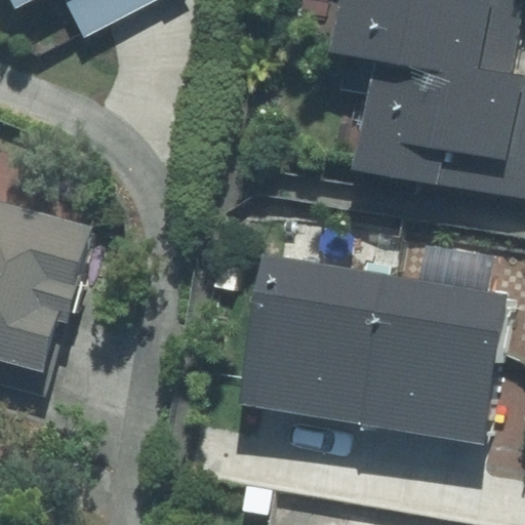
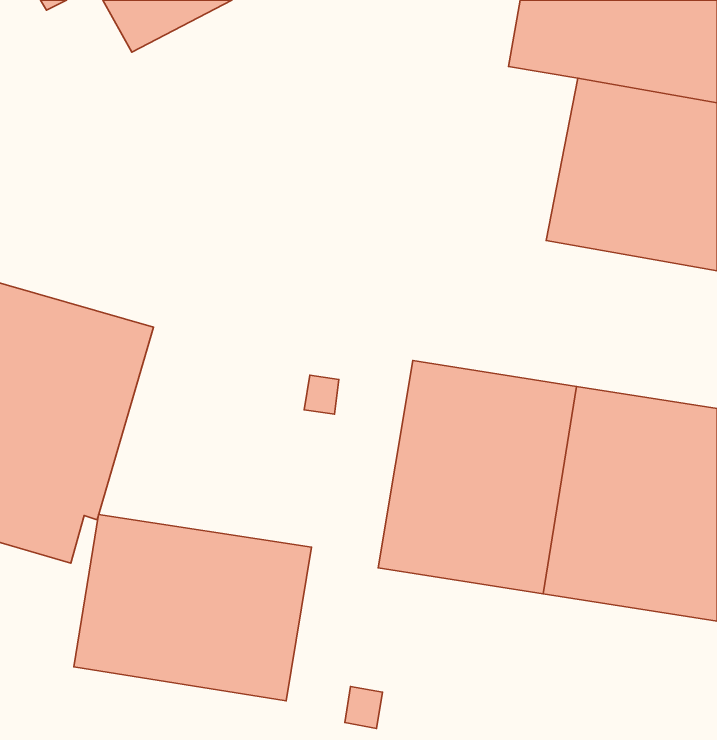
building: none -> [74,514,311,701]

